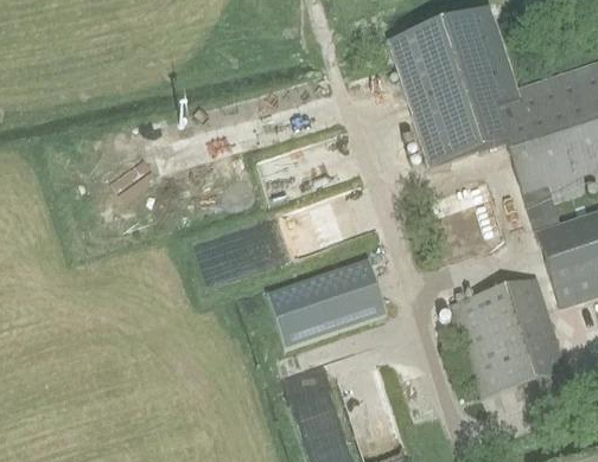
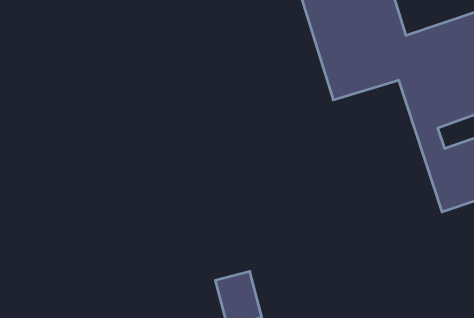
building: [266,257,386,346] -> none
building: [450,275,566,397] -> none

